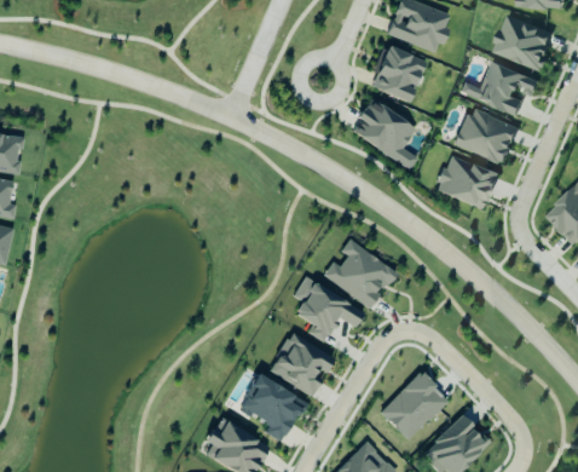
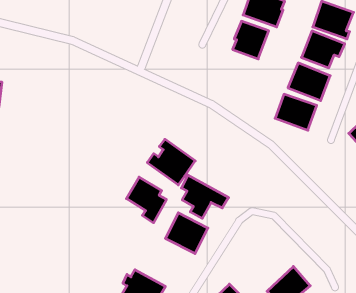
building: [353,97,418,169] -> none
building: [323,238,395,307] -> [147,139,195,185]
building: [380,370,449,439] -> none
building: [241,373,301,442] -> [126,177,166,223]

